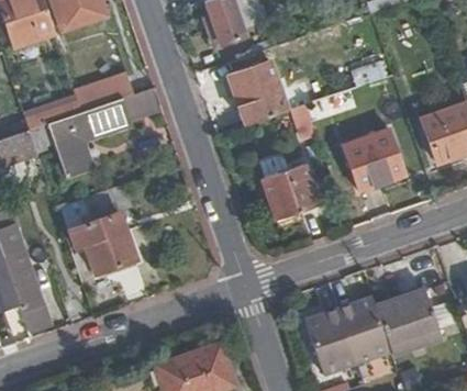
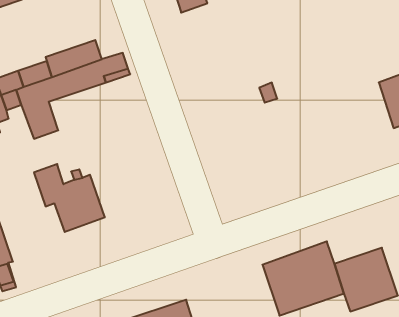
building: [229,63,288,125] -> none
building: [343,130,403,192] -> none
building: [263,165,318,221] -> none

